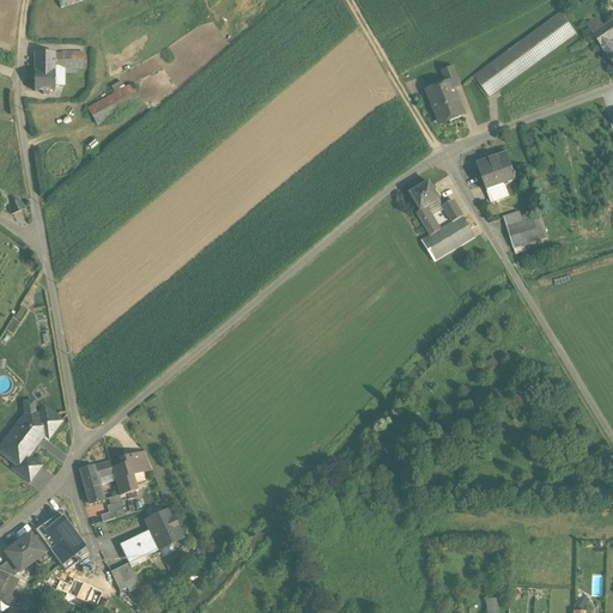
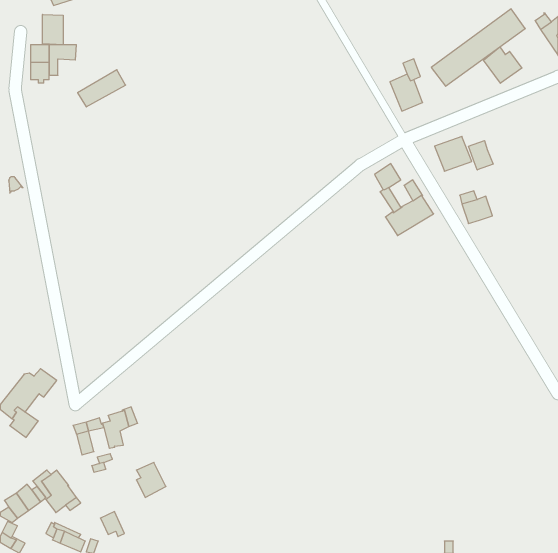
building: none -> [43,14,63,45]
building: none -> [484,47,522,83]
building: none -> [468,141,493,170]
building: [120,527,159,560] -> none

